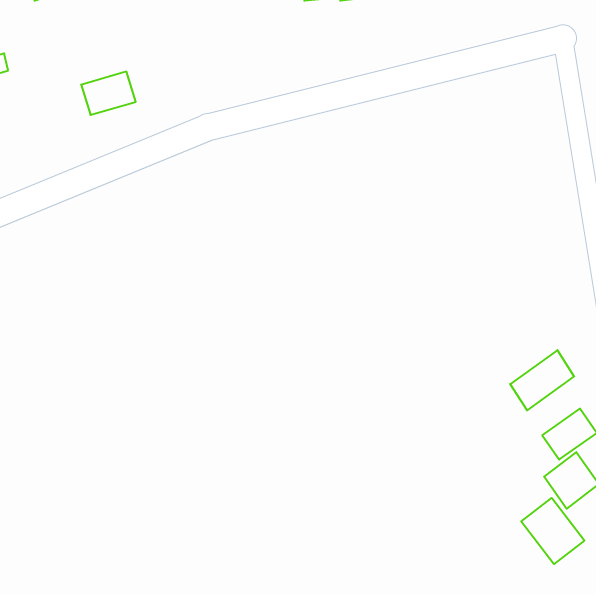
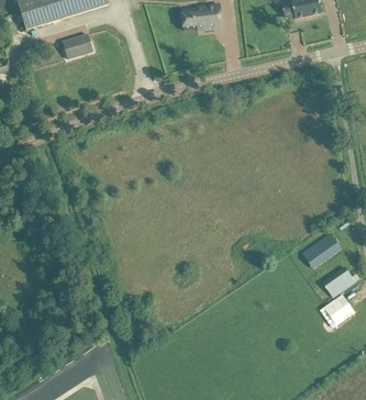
building: [81,72,136,115] -> [60,34,92,59]
building: [521,498,584,564] -> none

